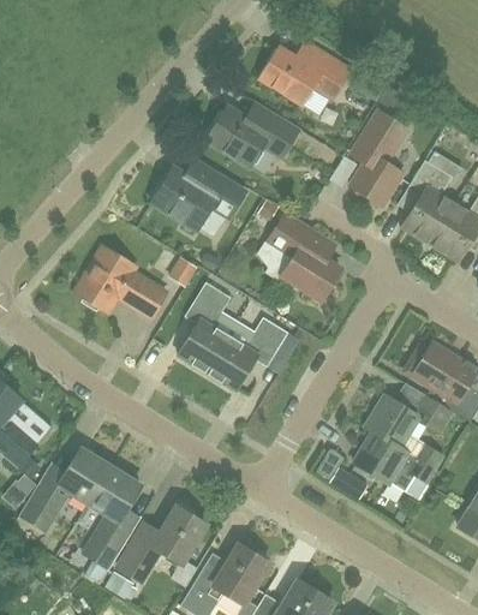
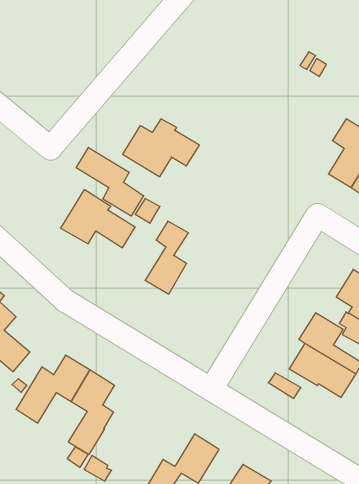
building: [258,42,348,103] -> none
building: [205,100,298,167] -> none
building: [348,109,406,205] -> none
building: none -> [76,147,144,216]
building: [256,209,339,299] -> none
building: [207,317,287,390] -> none
building: [118,502,205,586] -> none

